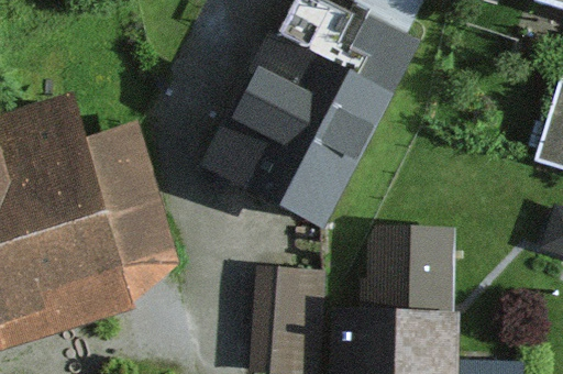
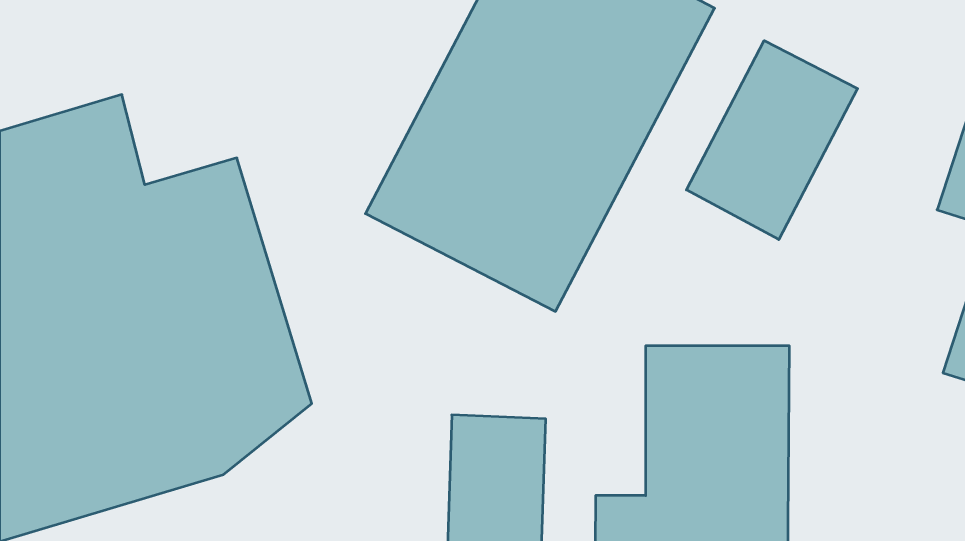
building: none -> [686,41,858,240]

